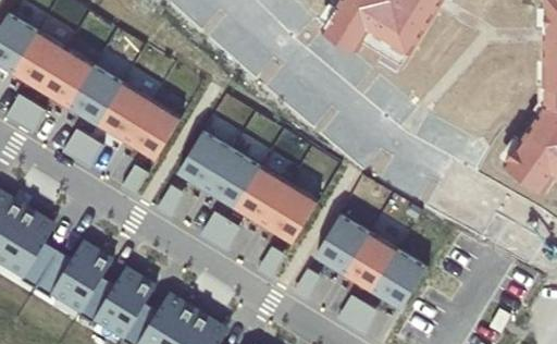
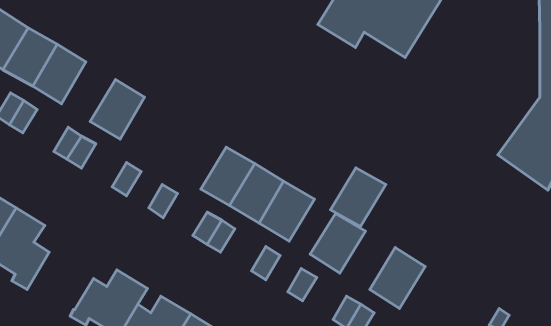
building: [71,64,124,123] -> none
building: [128,99,183,158] -> none
building: [178,131,233,189] -> none
building: [345,231,399,288] -> [331,168,386,227]
building: [37,244,113,308] -> none

